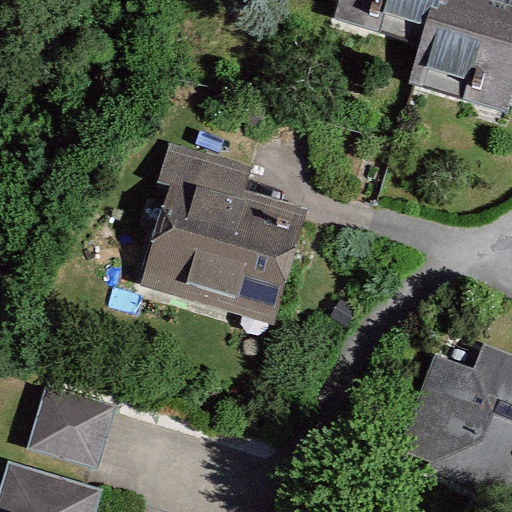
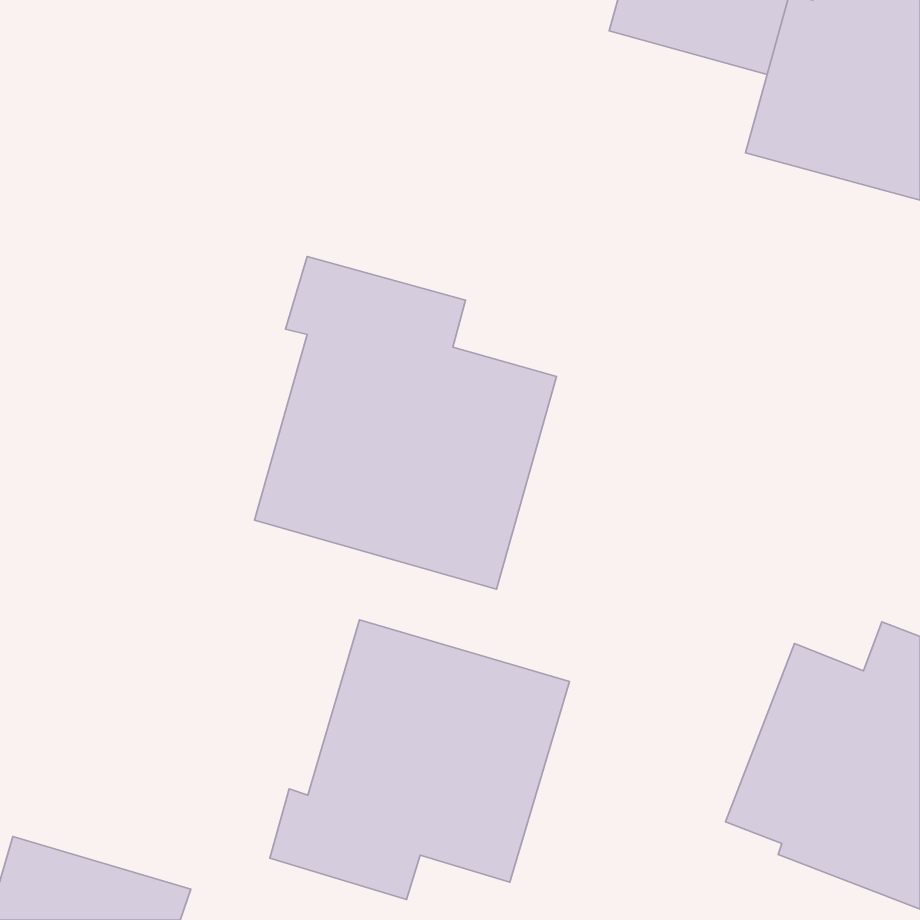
building: none -> [270,620,570,900]
building: [27,385,116,469] -> none

